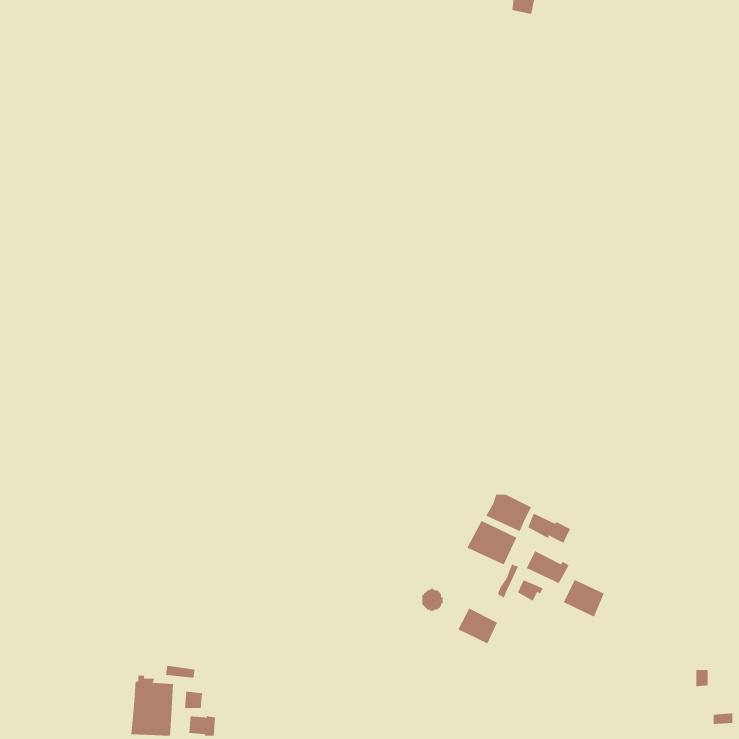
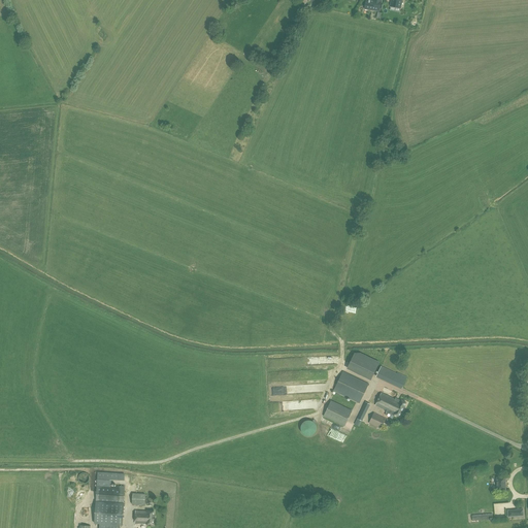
building: [563,579,605,618] -> none
building: [457,608,498,644] -> [322,399,351,425]

